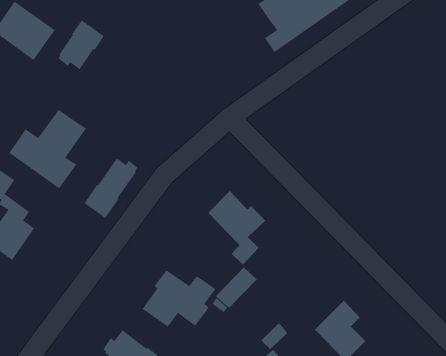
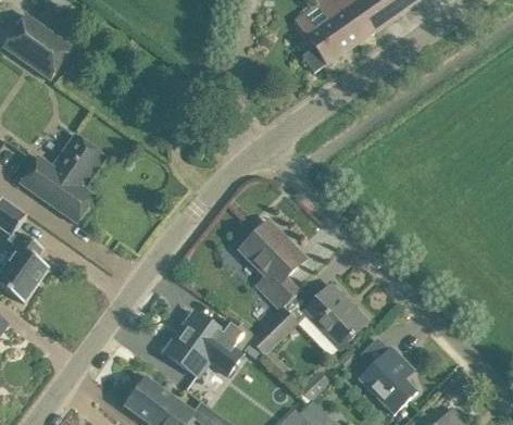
building: [58,19,105,70] -> none
building: [84,158,138,219] -> none
building: none -> [302,284,364,349]

